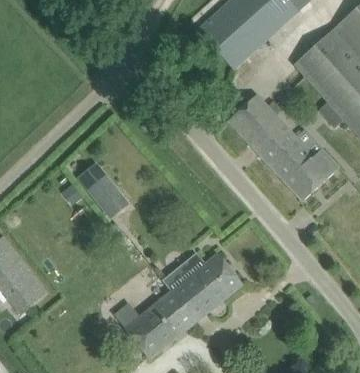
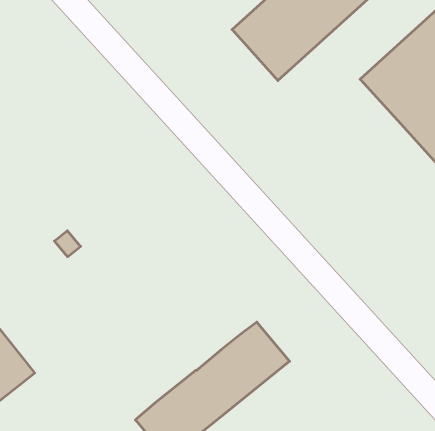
building: [227,93,339,200] -> none
building: [77,162,120,208] -> none

